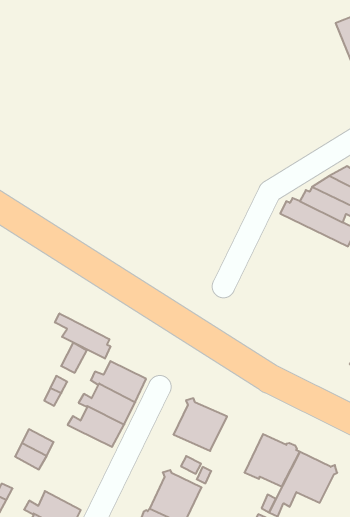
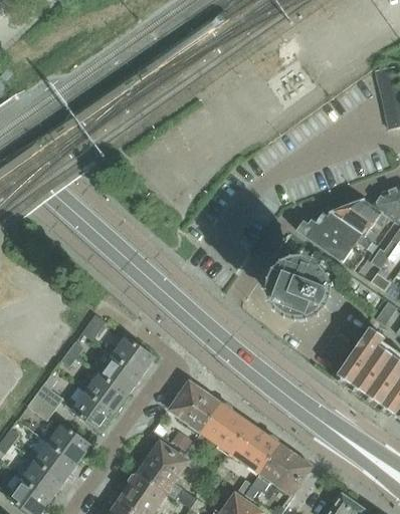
building: none -> [274,265,327,318]
building: [55,313,110,359] -> none
building: none -> [201,403,250,454]
building: none -> [65,392,115,431]
building: none -> [41,424,91,464]

